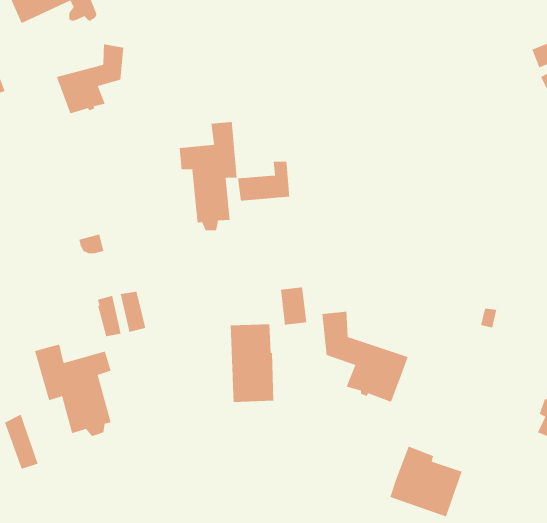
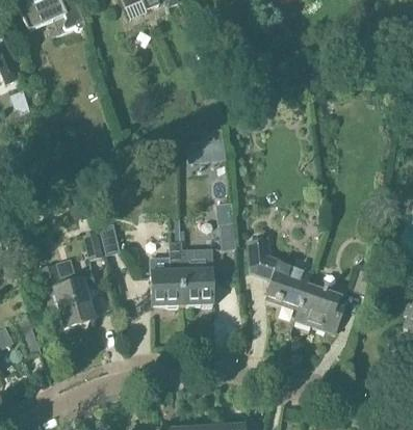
building: [56,43,124,114] -> none
building: [179,121,237,231] -> none
building: none -> [150,244,183,308]
building: [389,446,462,517] -> [294,281,347,333]

